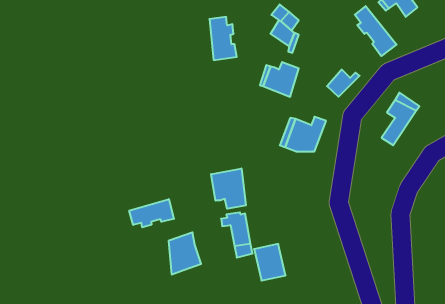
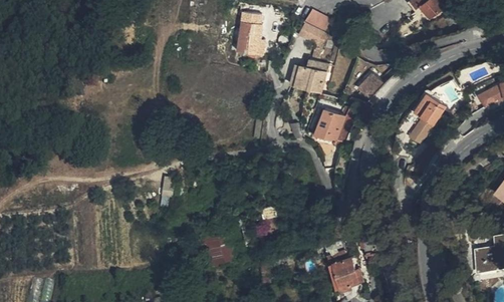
building: [355,6,397,56] -> none
building: [211,168,246,209] -> none
building: [129,199,174,227] -> none
building: [254,244,286,281] -> [332,250,362,285]

